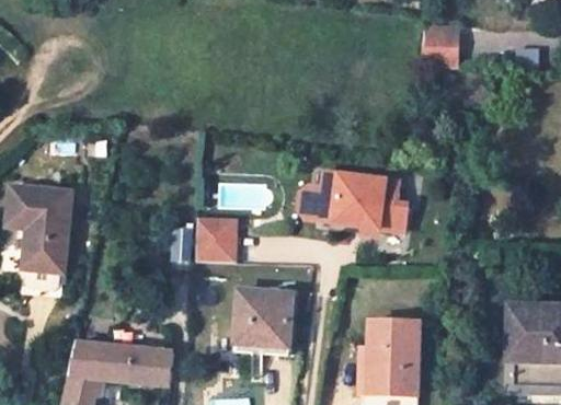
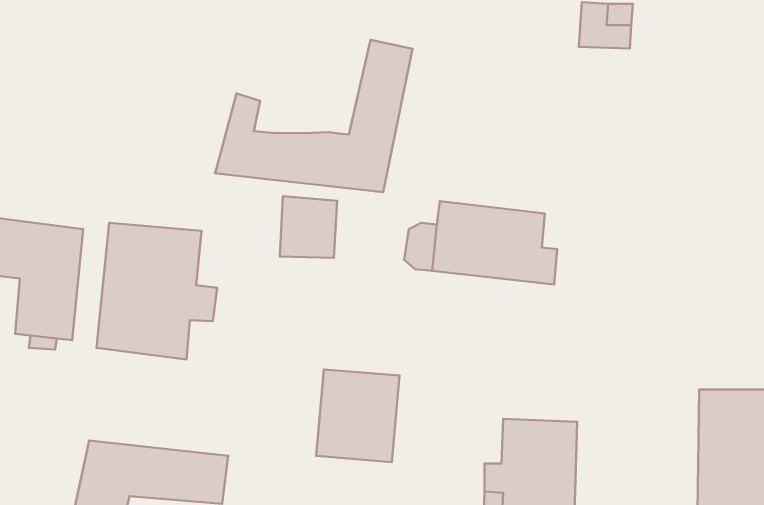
building: none -> [215,40,413,192]
building: none -> [96,223,217,359]
building: [194,217,234,261] -> [280,196,337,258]

